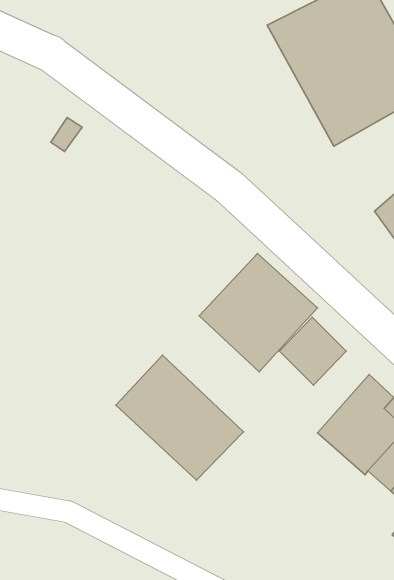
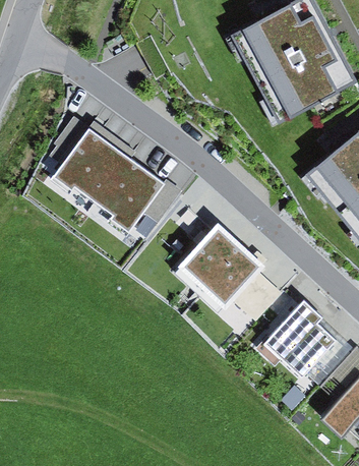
building: none -> [50,127,164,235]
building: [116,355,243,480] -> none

